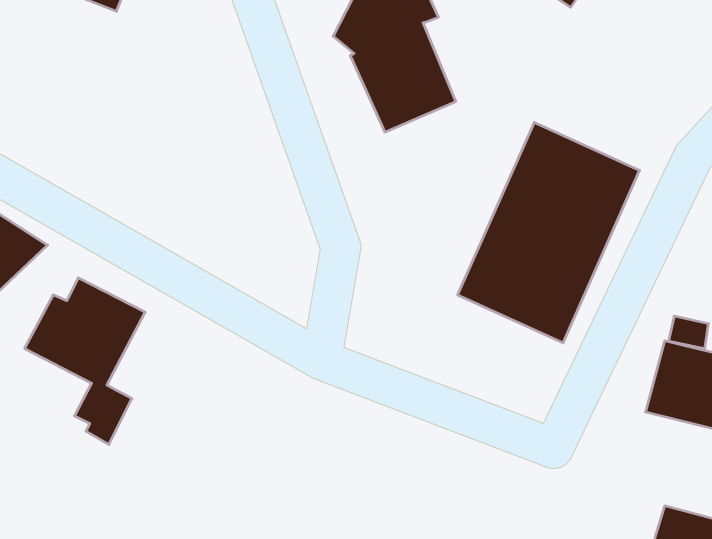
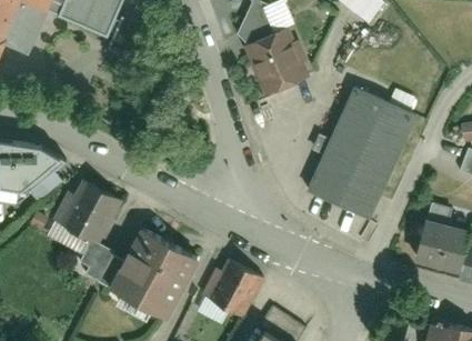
building: none -> [103,227,202,314]
building: none -> [210,264,263,320]

